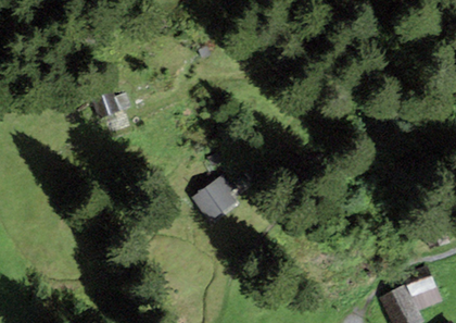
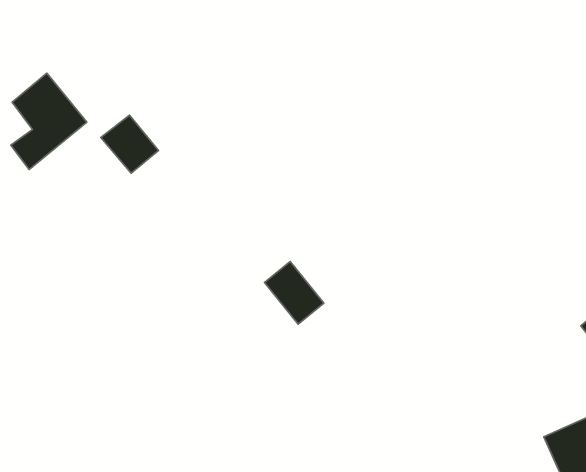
building: none -> [11,73,87,170]

